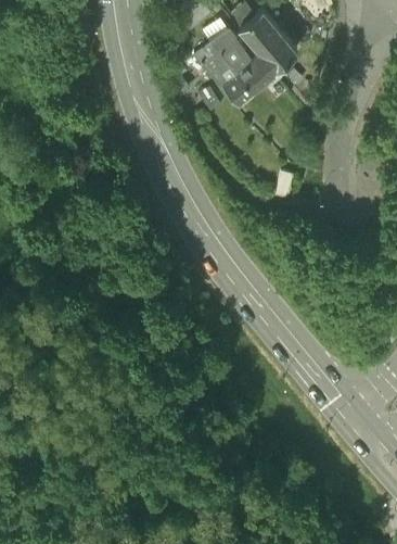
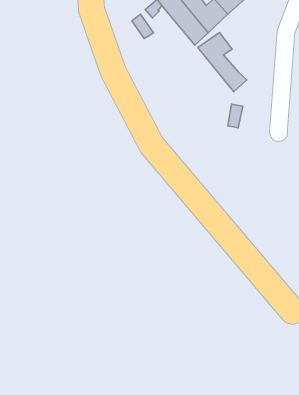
building: none -> [198,32,247,92]

